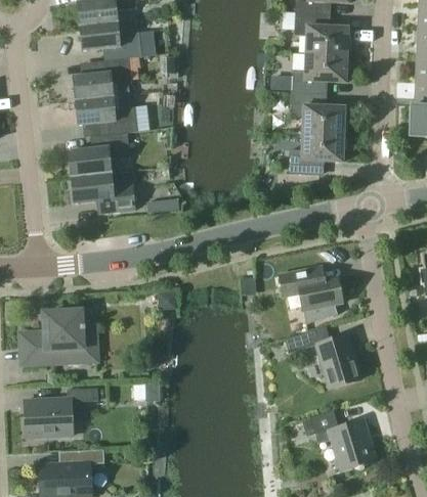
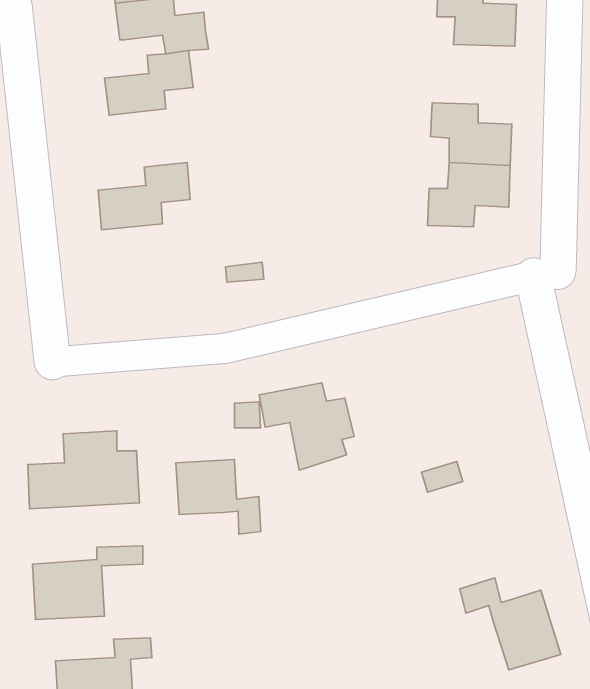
building: [291,53,346,93] -> none
building: [75,96,148,134] -> none
building: [70,173,135,213] -> none
building: [279,266,342,324] -> [259,383,354,470]
building: none -> [176,459,261,534]
building: [315,333,359,388] -> none

